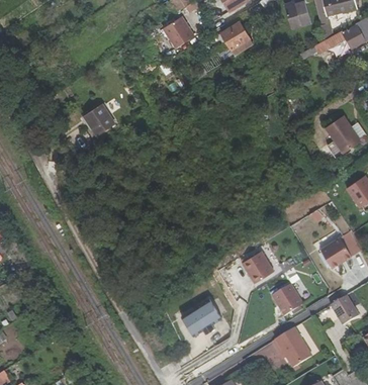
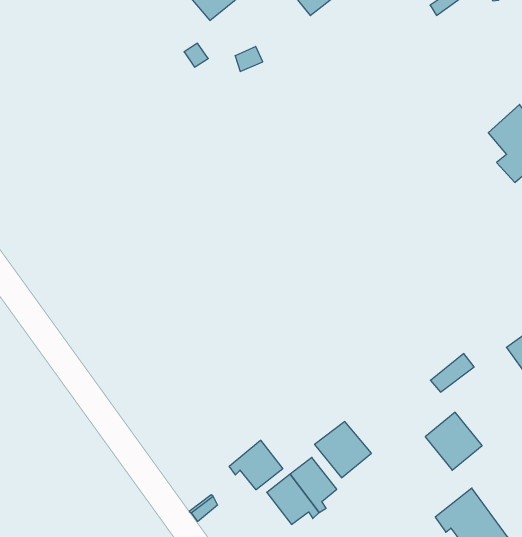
building: [89,101,119,132] -> none
building: [243,251,274,282] -> [315,422,371,478]
building: none -> [229,440,283,490]

